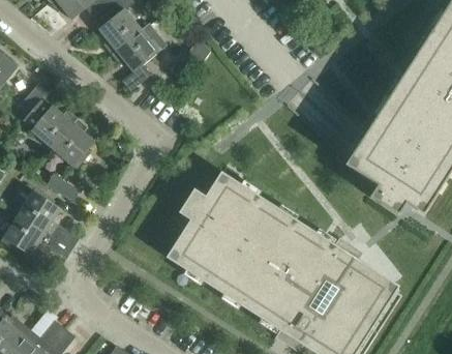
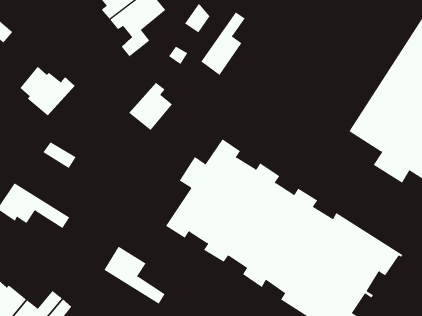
building: none -> [200,11,245,76]
building: [51,118,94,166] -> [129,82,173,131]
building: [18,189,79,247] -> [103,246,166,305]

